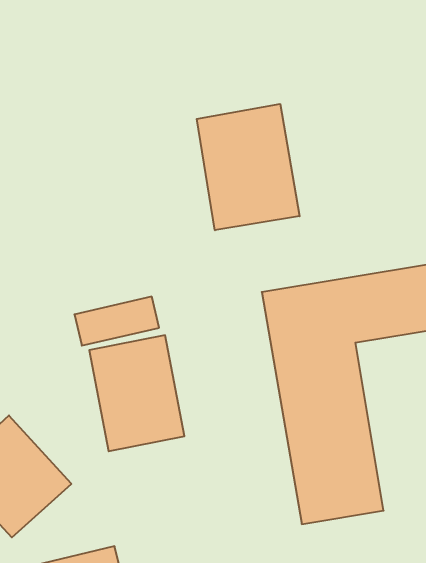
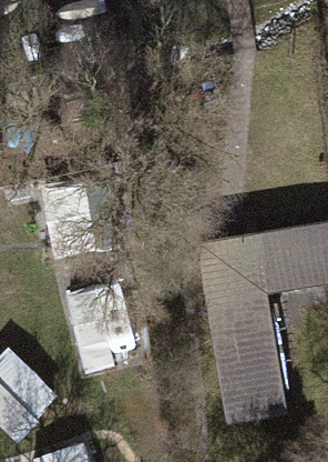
building: [197,104,300,230] -> none

